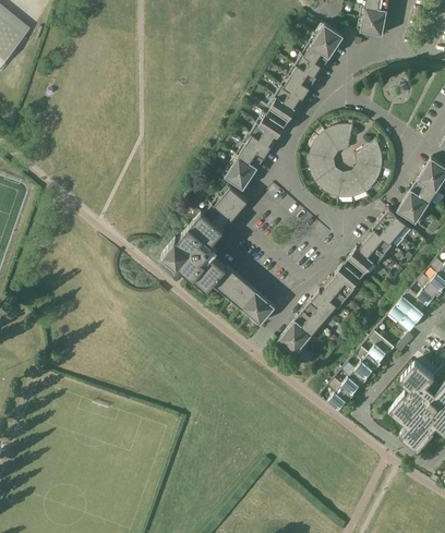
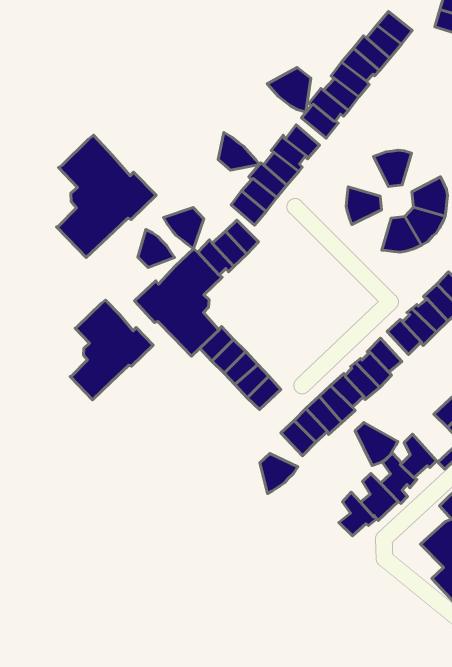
building: none -> [267,68,311,112]
building: none -> [218,133,259,170]
building: [309,131,338,159] -> none
building: none -> [56,135,156,258]
building: [314,169,342,198] -> none
building: none -> [163,207,204,249]
building: none -> [138,230,175,267]
building: none -> [70,300,153,400]
building: none -> [355,422,398,466]
building: none -> [260,453,298,493]

